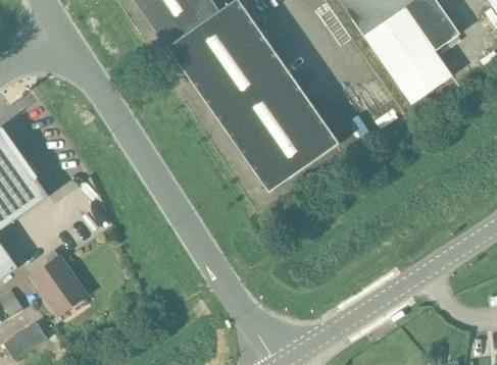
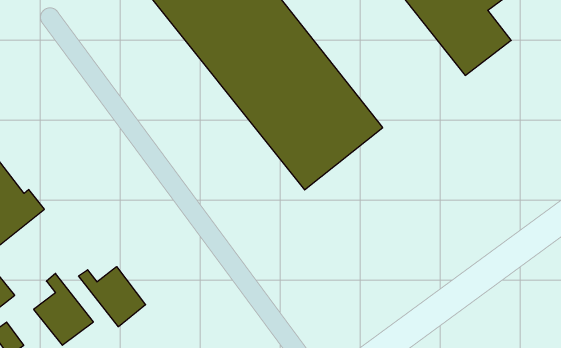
building: none -> [79,267,146,327]

